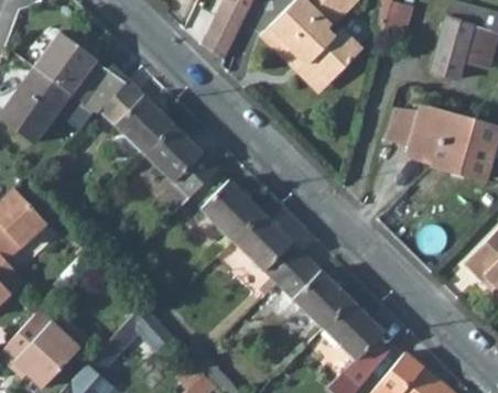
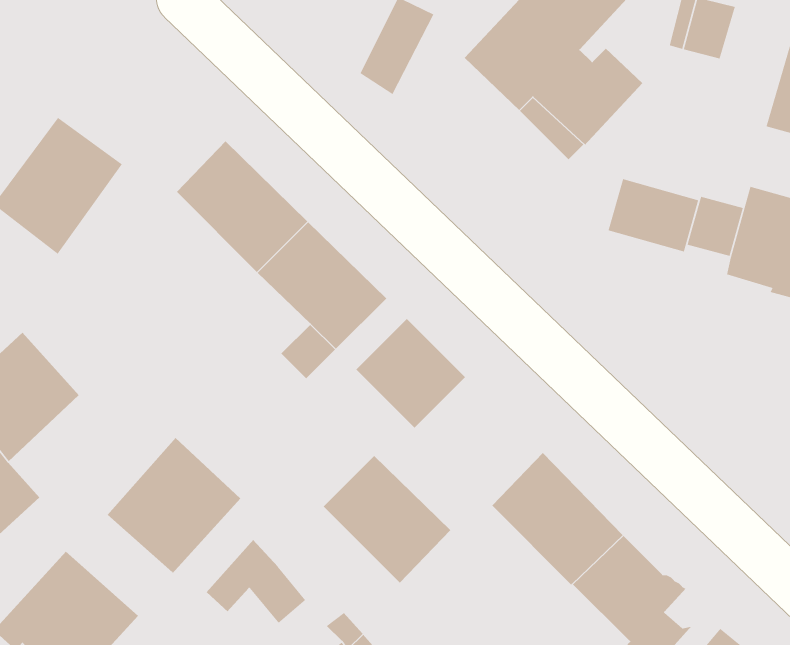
building: [35,31,129,113] -> none
building: none -> [608,178,699,252]
building: [235,212,306,284] -> [323,455,451,583]
building: none -> [107,437,241,574]

